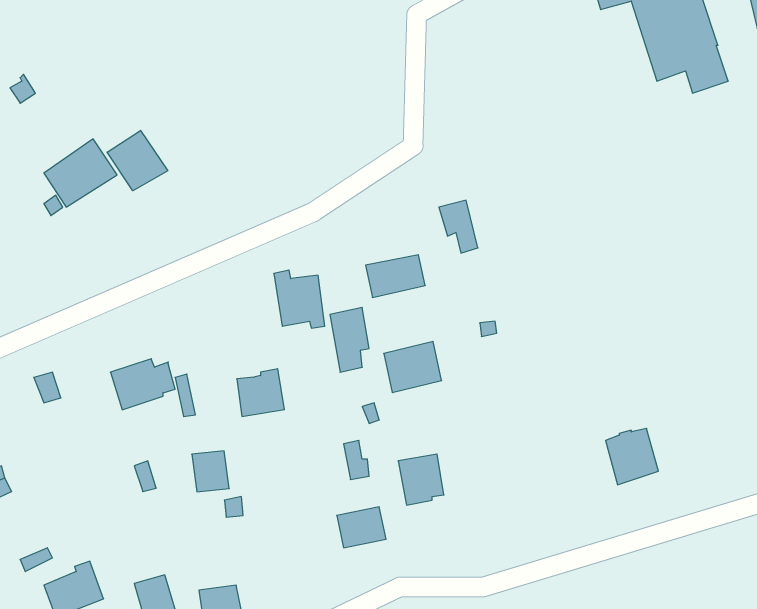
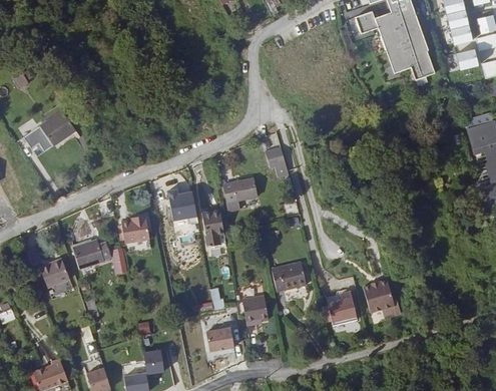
building: [107,130,168,191] -> none
building: [384,341,442,393] -> [272,261,306,291]
building: [237,369,284,416] -> [121,215,149,243]
building: none -> [39,258,69,287]
building: none -> [328,291,357,324]
building: [192,451,229,492] -> [143,348,165,372]

